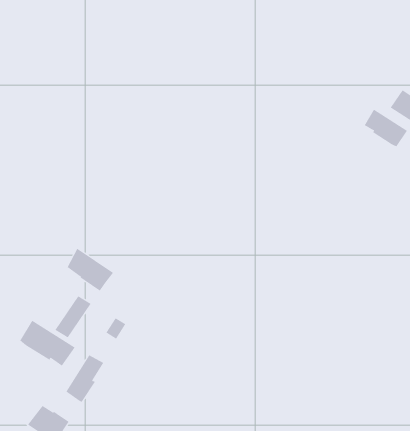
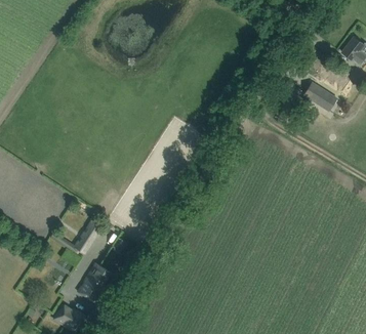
building: [67,248,114,292] -> none
building: [20,320,75,367] -> none

